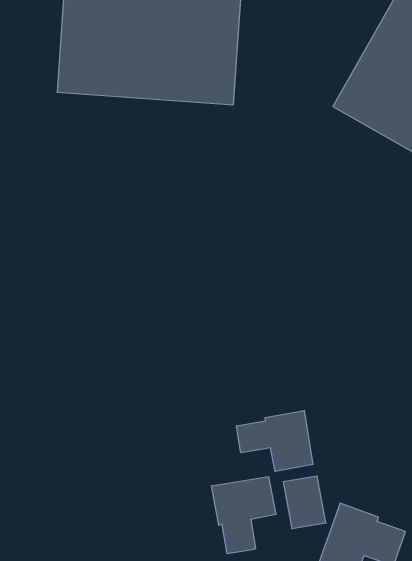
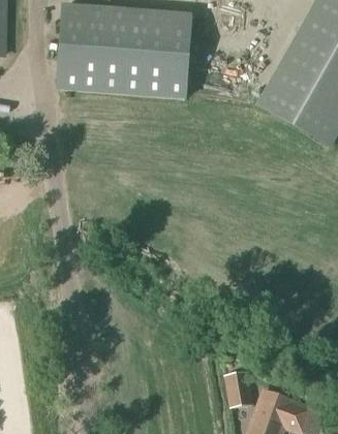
building: [237,410,313,472] -> none
building: [212,477,276,554] -> none

